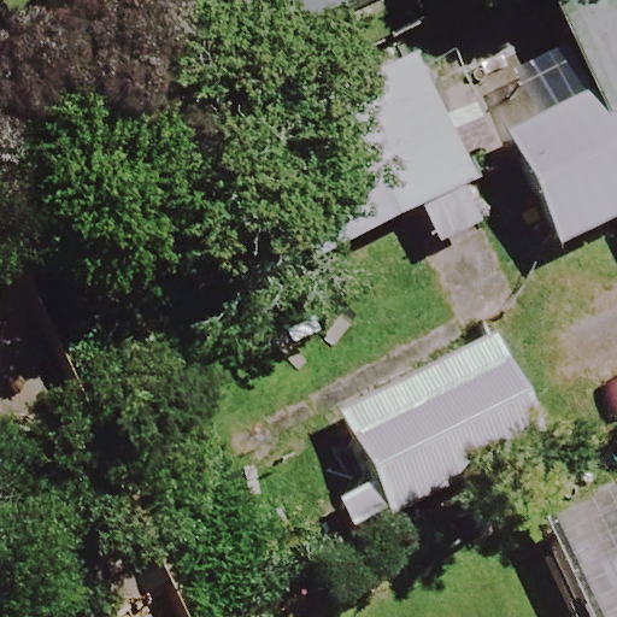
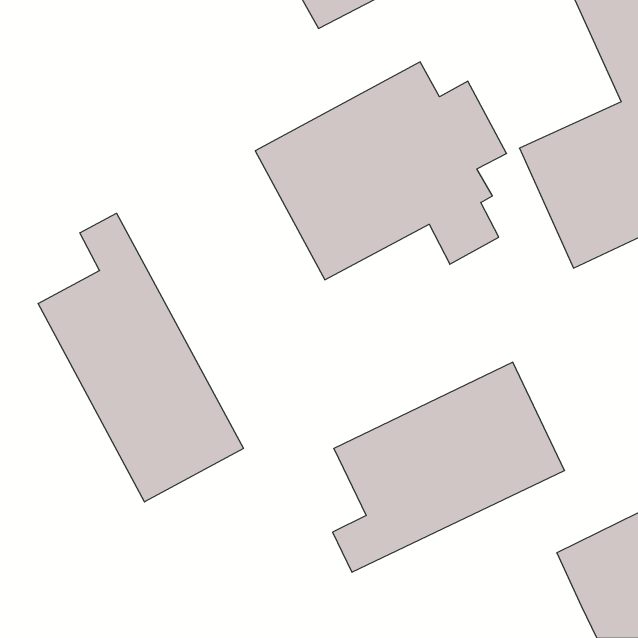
building: none -> [38,213,243,502]

